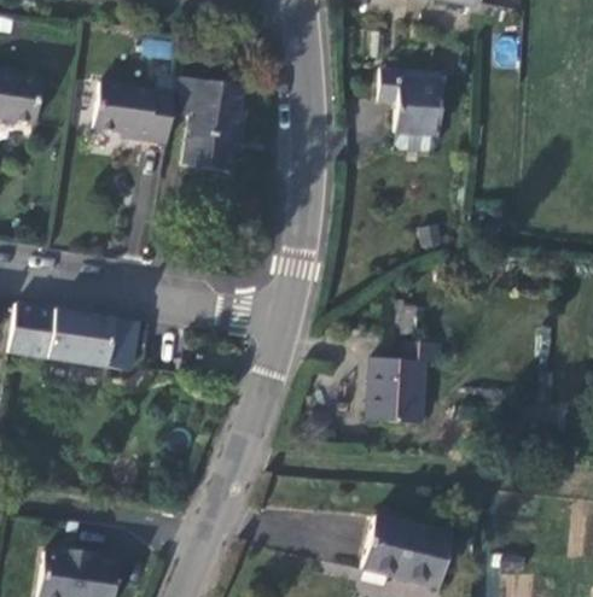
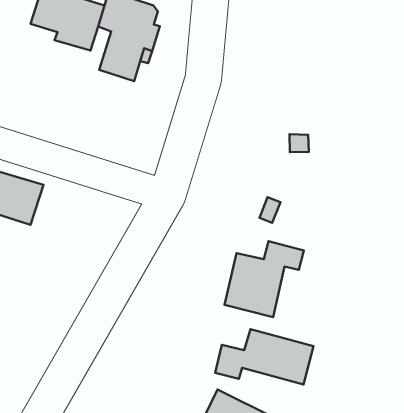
building: [386,75,447,152] -> none
building: none -> [215,329,313,384]

